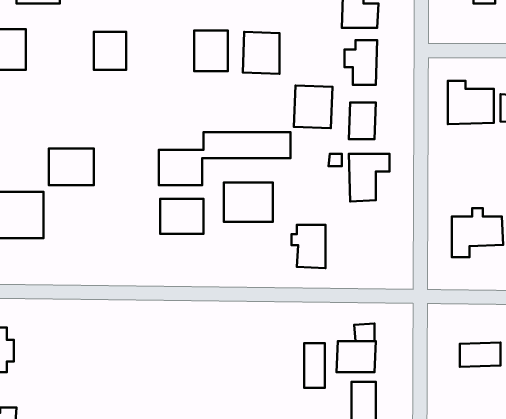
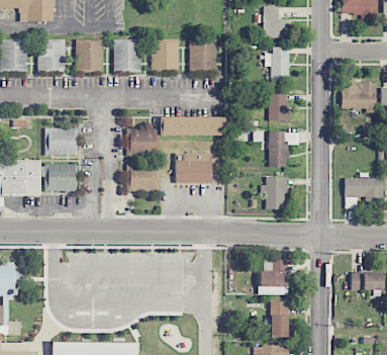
building: none -> [113,39,140,71]
building: none -> [38,40,65,69]
building: [294,85,332,128] -> none
building: none -> [44,164,78,190]
building: [292,225,325,268] -> [261,177,286,209]
building: [304,343,325,388] -> none

